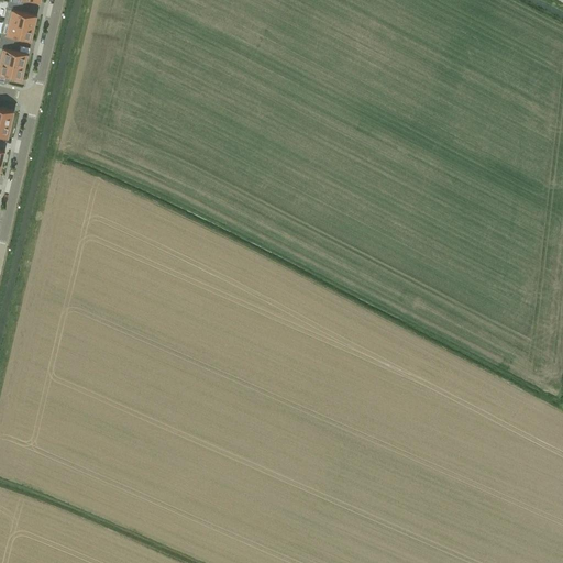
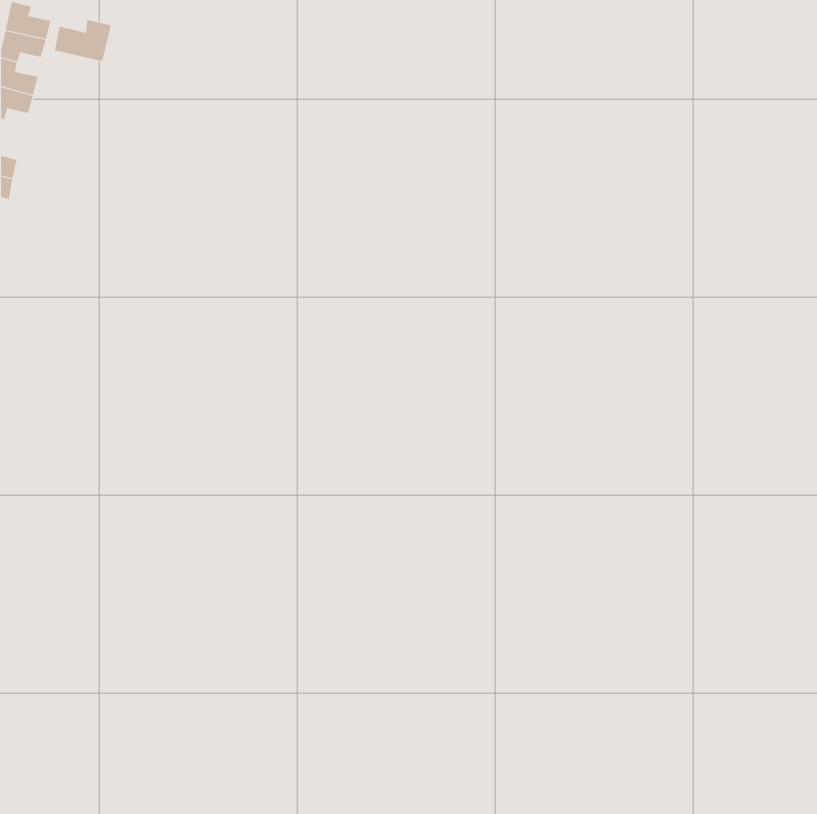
building: none -> [54,19,111,62]

